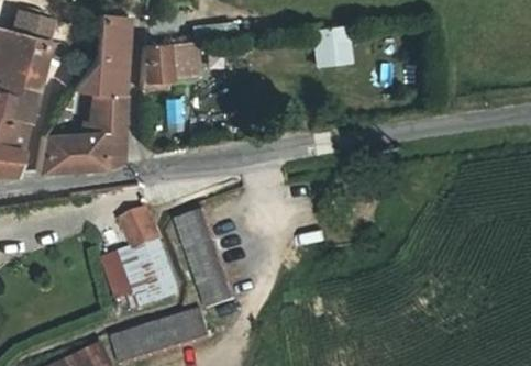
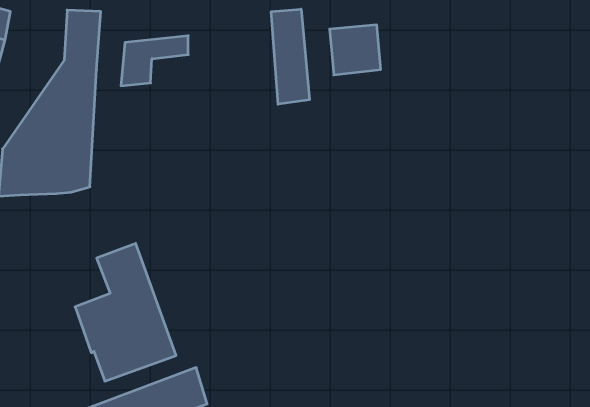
building: none -> [271,9,309,104]
building: [177,215,236,311] -> none

